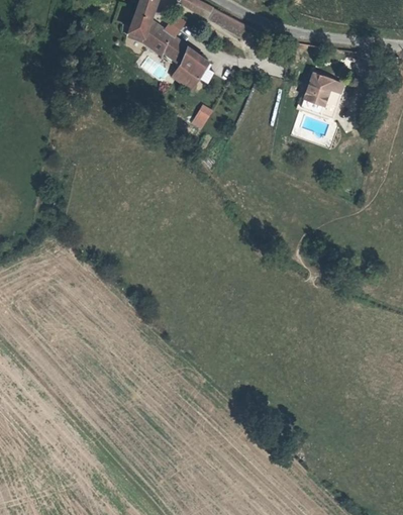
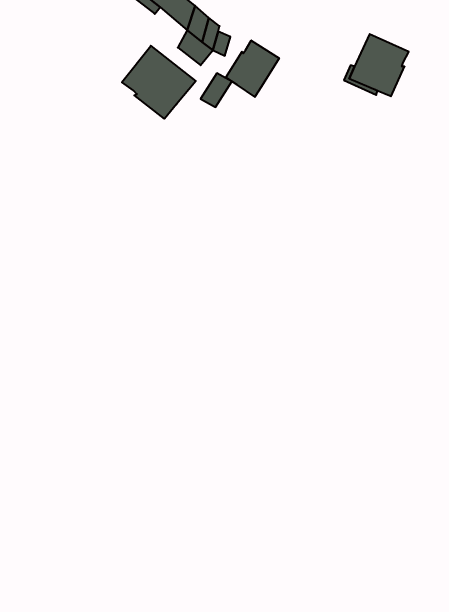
building: none -> [226,40,279,97]
building: none -> [122,46,196,119]

